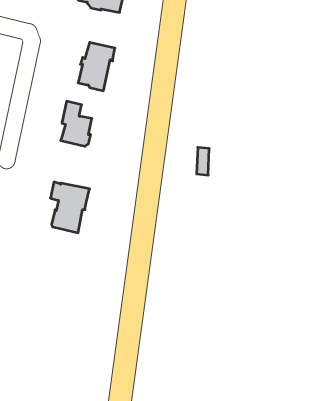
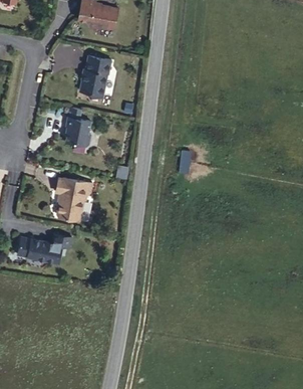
building: none -> [16,235,70,263]

